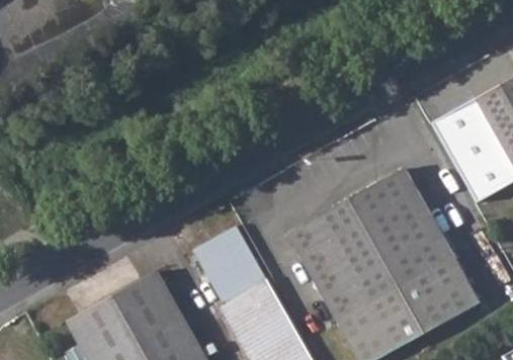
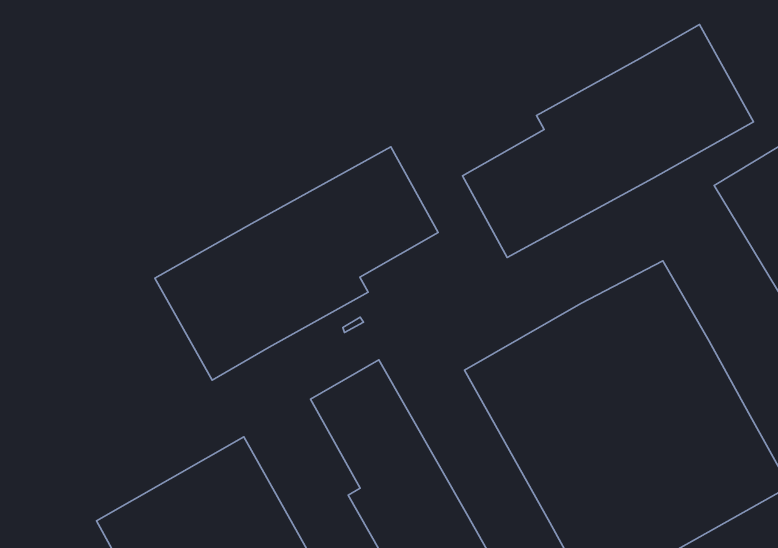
building: none -> [462,25,754,258]
building: none -> [155,147,438,380]

